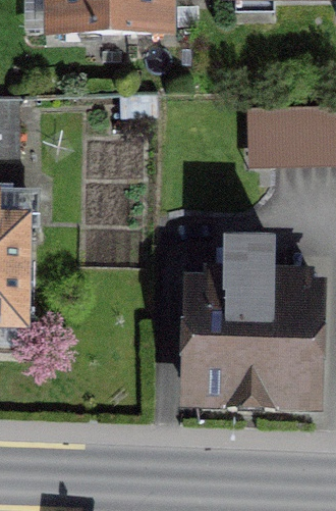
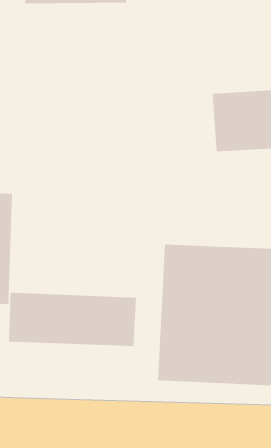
building: none -> [9,292,136,347]

